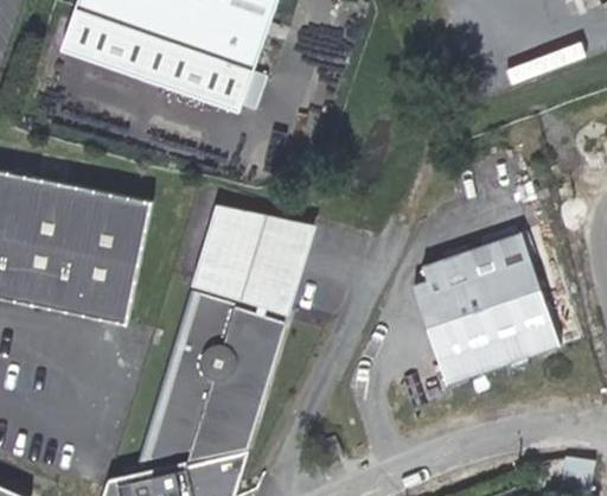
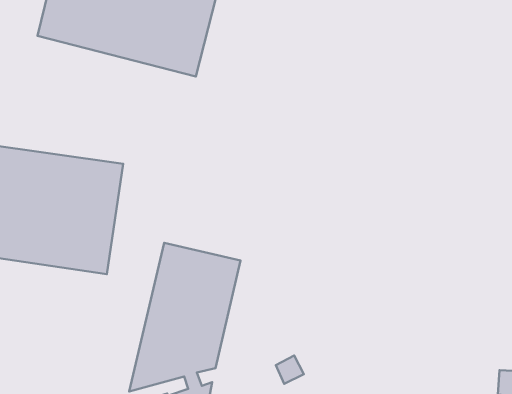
building: [190,205,305,311] -> none
building: [411,233,557,384] -> none

